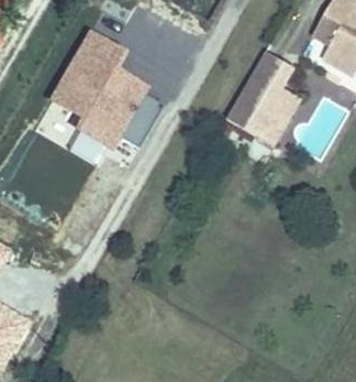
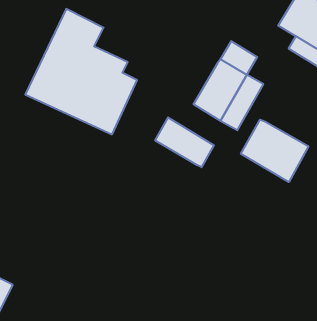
building: none -> [155,117,214,167]
building: none -> [241,120,308,182]

